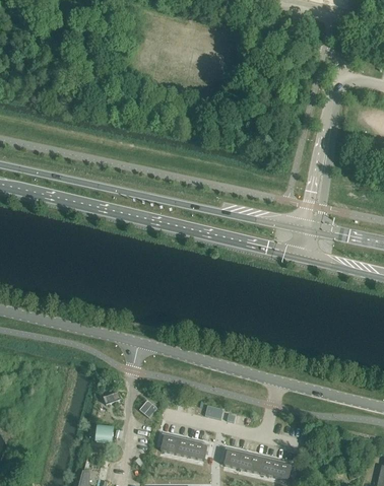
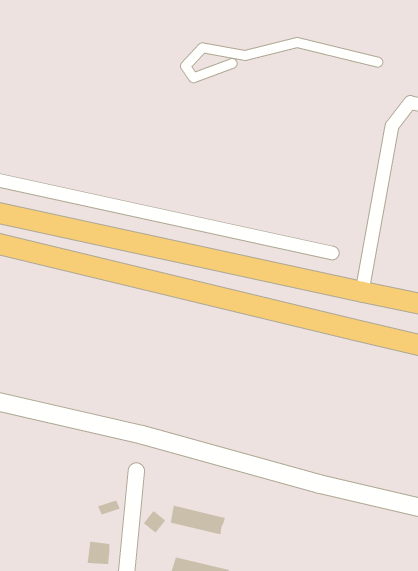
building: none -> [170,505,225,535]

